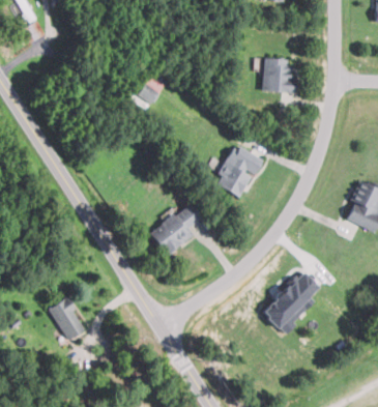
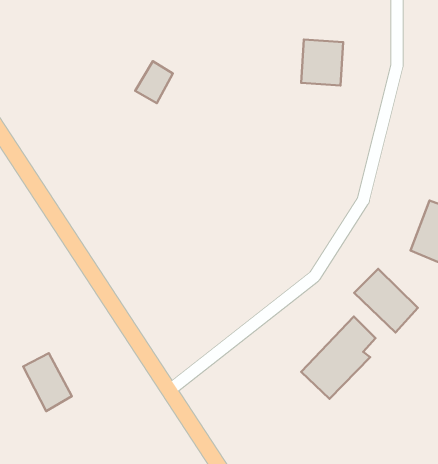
building: [213,144,262,198] -> none
building: [149,204,200,255] -> none
building: none -> [354,269,418,332]

